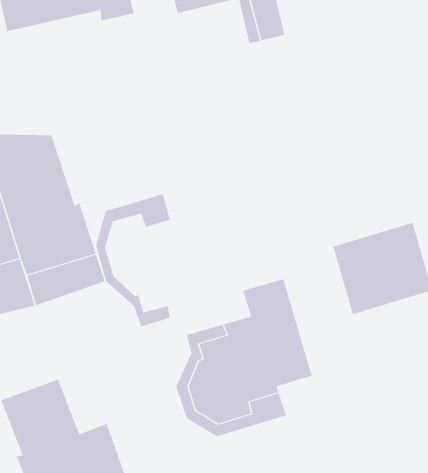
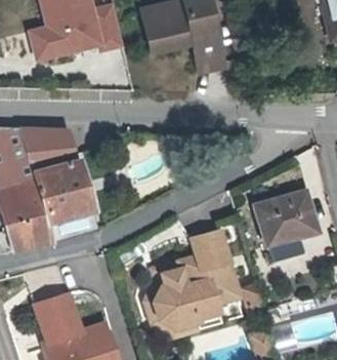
building: [96,194,171,327] -> none

